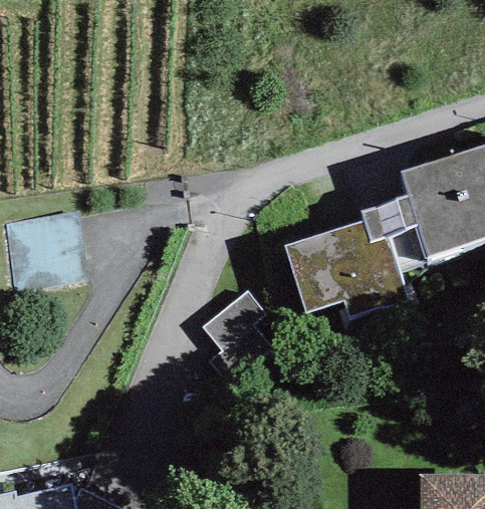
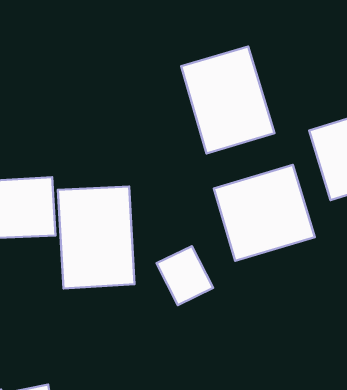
building: none -> [181,47,274,153]
building: none -> [58,187,134,289]

